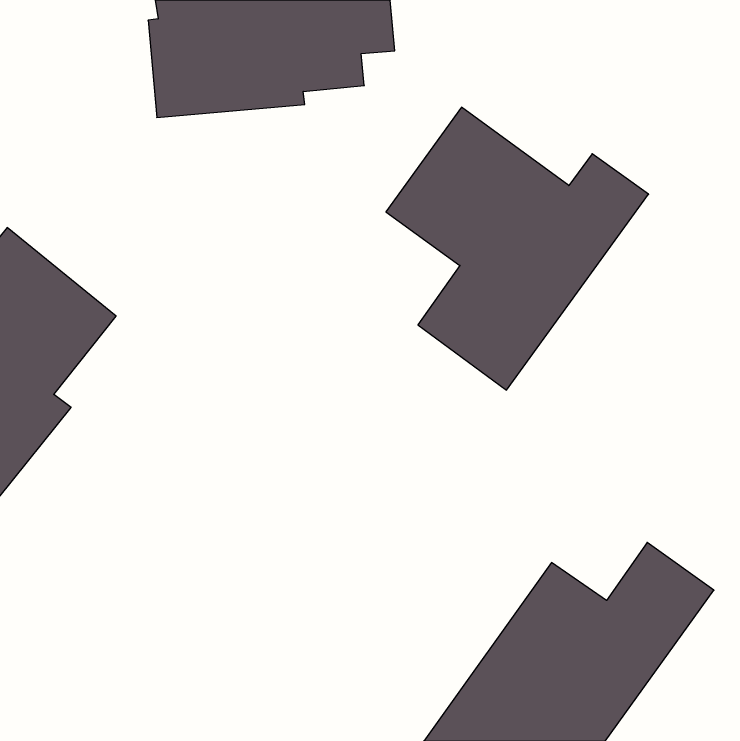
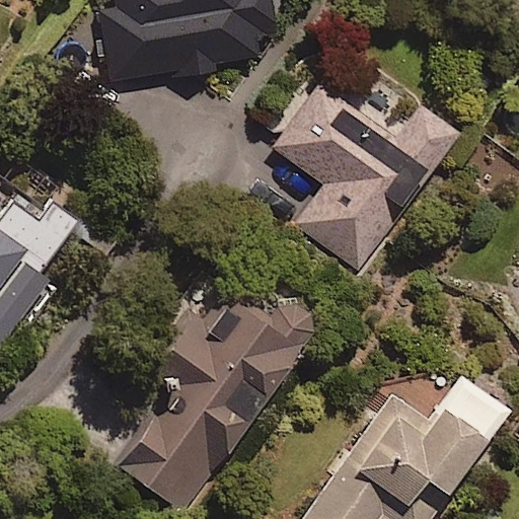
building: none -> [123,292,325,513]

